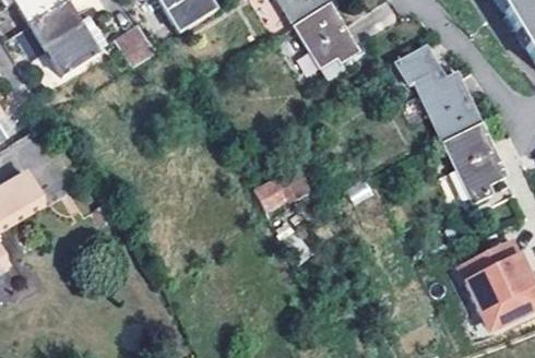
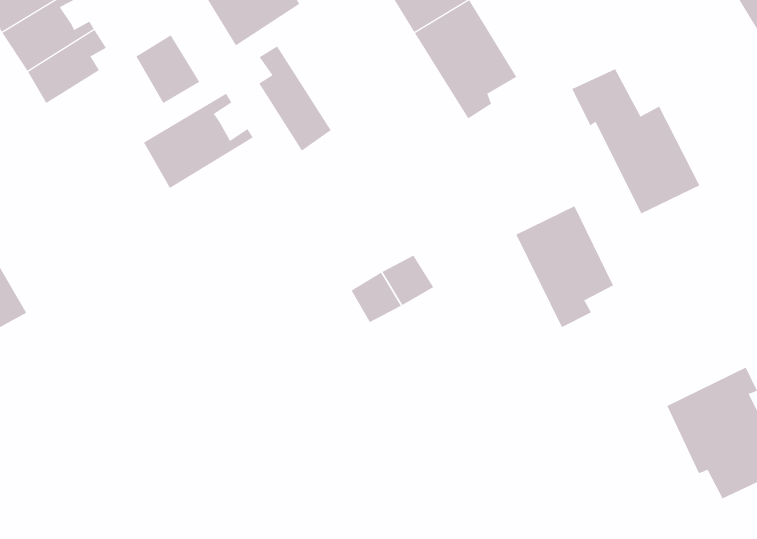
building: none -> [258,46,331,151]
building: none -> [143,93,254,189]
building: [440,122,503,201] -> [516,206,614,328]

